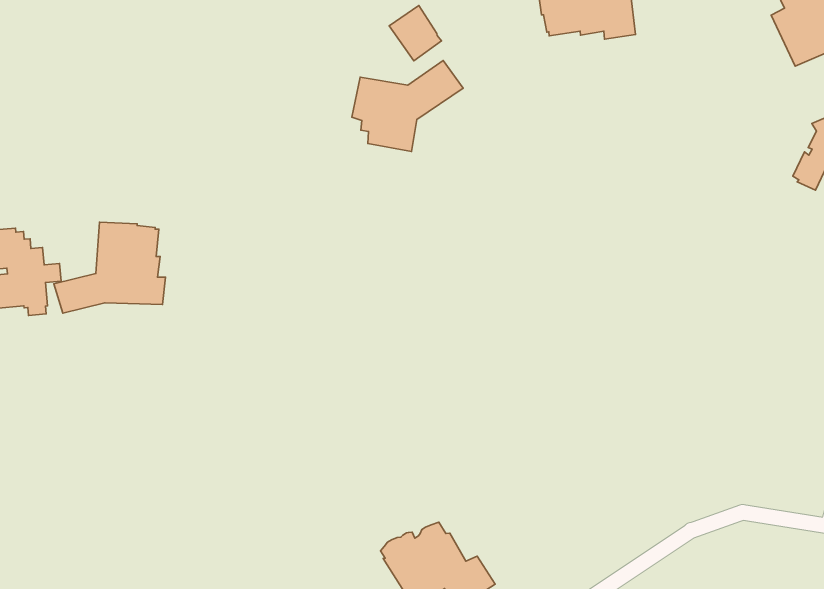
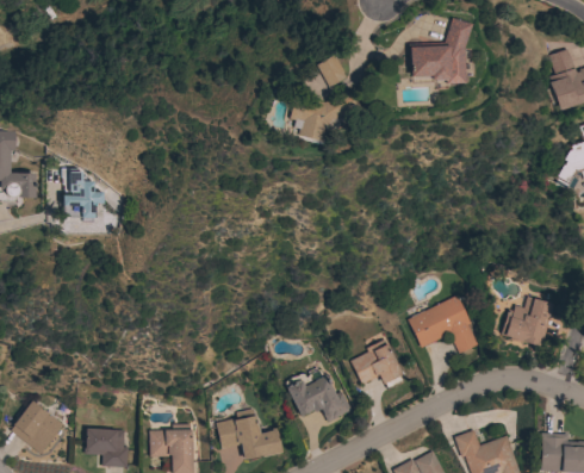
building: [54,222,165,313] -> none
building: none -> [501,297,553,347]
building: none -> [408,295,479,355]
building: none -> [350,340,404,390]

